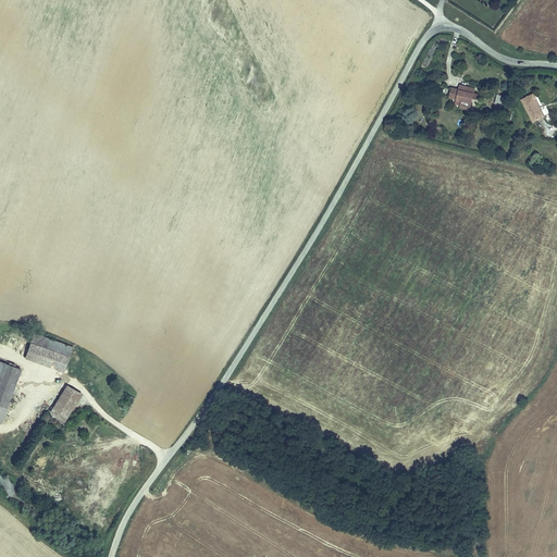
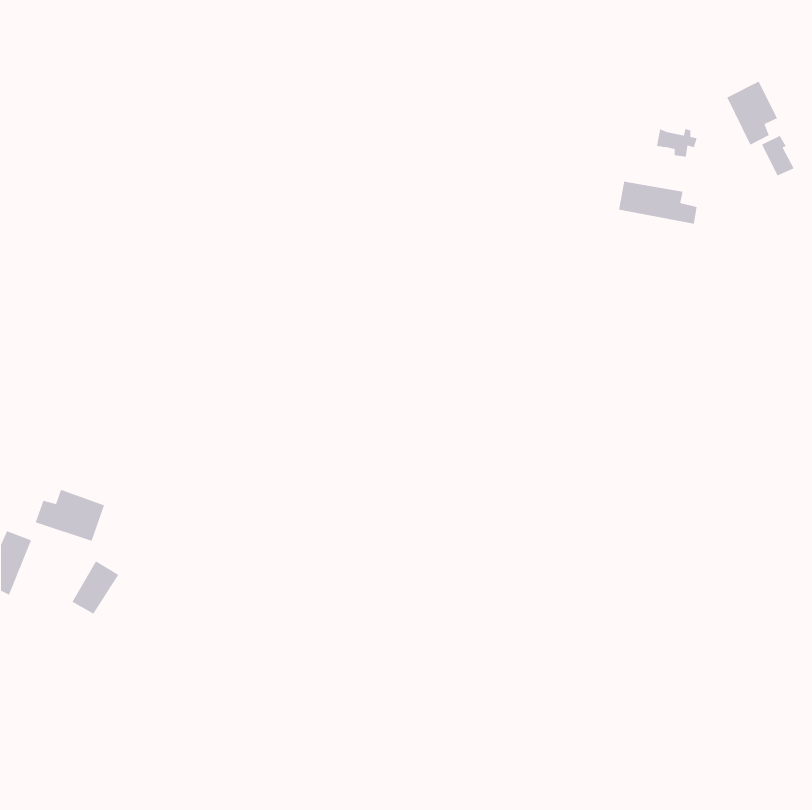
building: none -> [727,81,778,145]
building: none -> [619,181,697,224]

